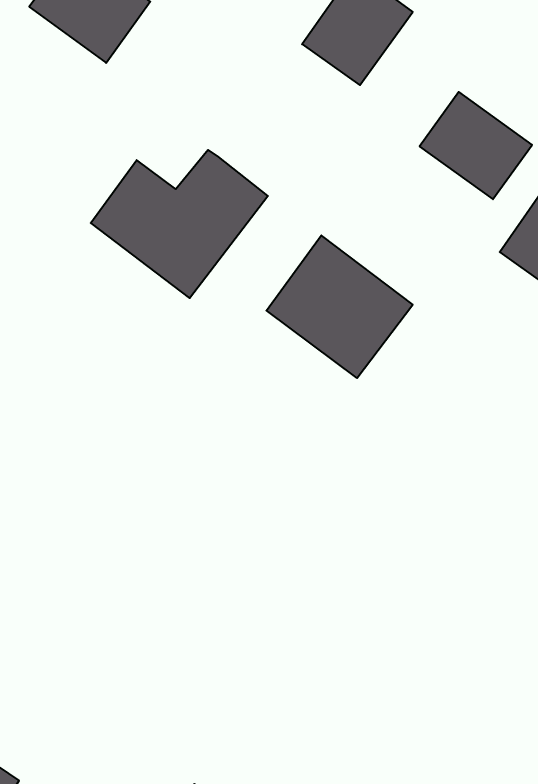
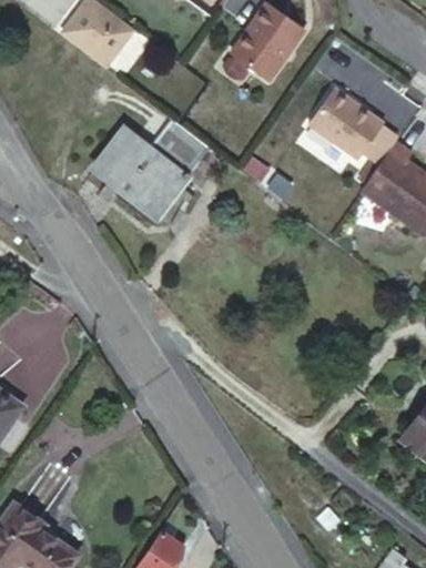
building: [266,235,413,378] -> none

